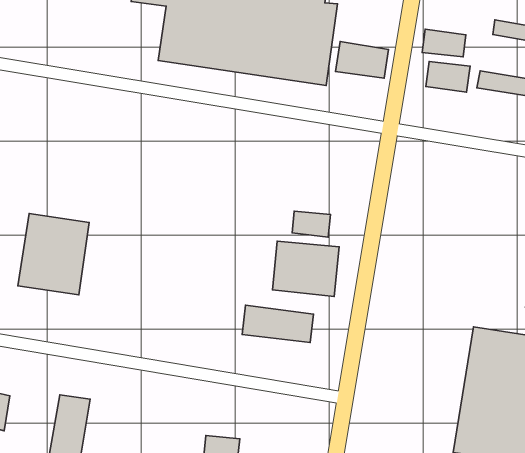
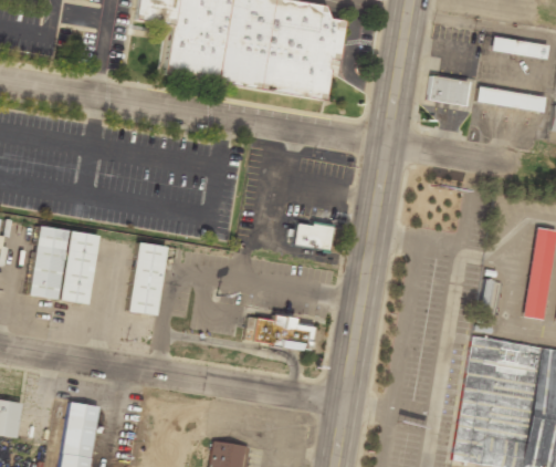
building: [422,29,466,57] -> none
building: [336,41,388,78] -> none
building: none -> [129,241,167,315]
building: [272,241,339,297] -> none

